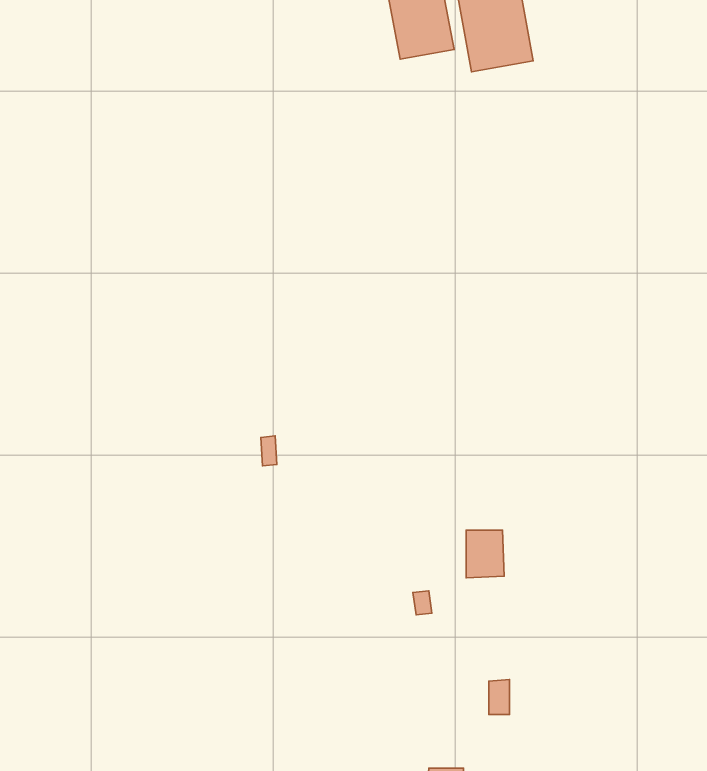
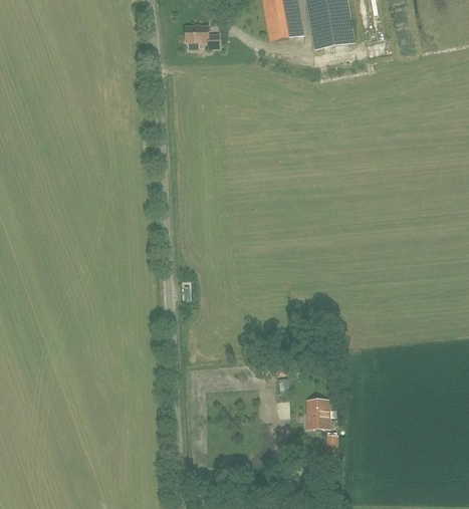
building: none -> [186,26,219,47]
building: [466,530,504,578] -> [306,399,330,429]

